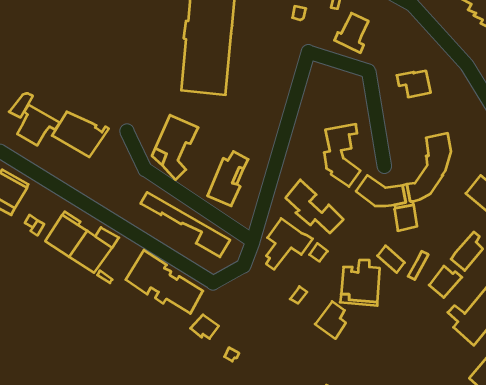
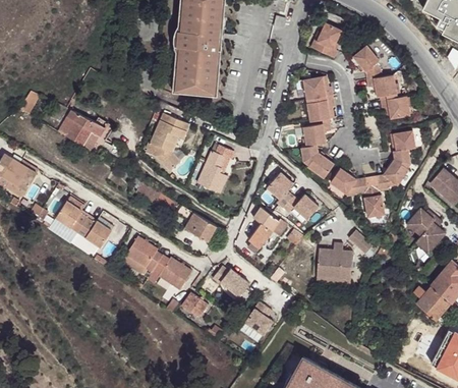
building: none -> [353,45,382,77]
building: none -> [302,76,334,120]
building: none -> [381,95,410,118]
building: [17,105,59,145] -> none
building: [429,266,462,298] -> [406,208,436,236]
building: none -> [214,266,249,296]
building: [315,301,346,339] -> [246,301,274,335]

